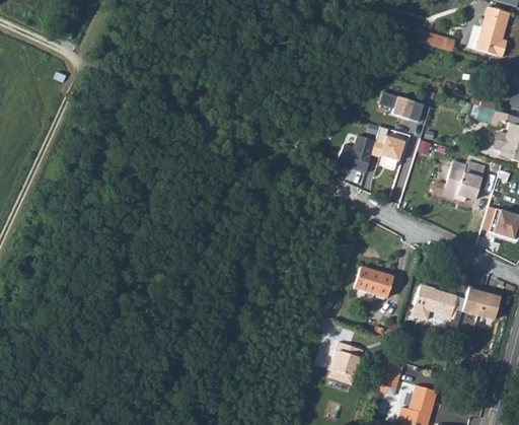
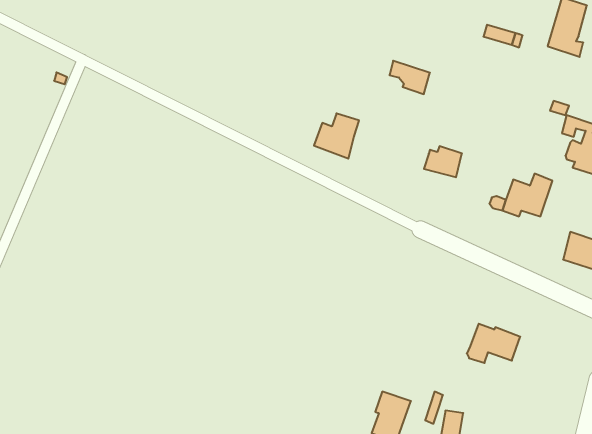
building: [381,91,416,120] -> [389,61,430,94]
building: [339,135,377,173] -> [314,113,359,159]
building: [353,271,390,301] -> none
building: [462,289,500,322] -> none

